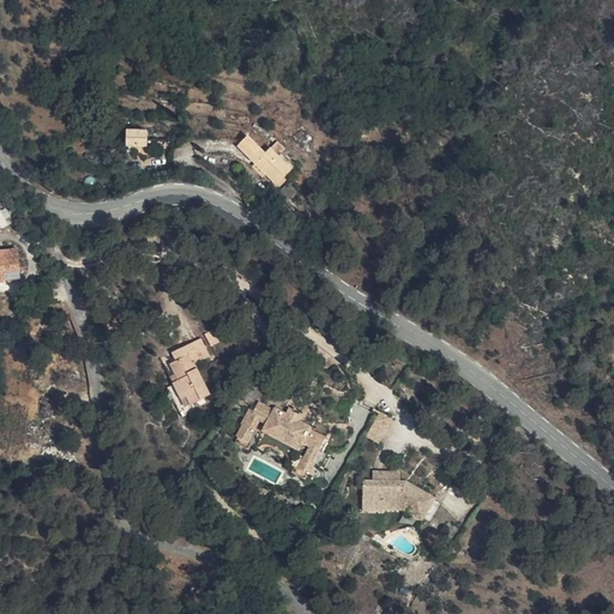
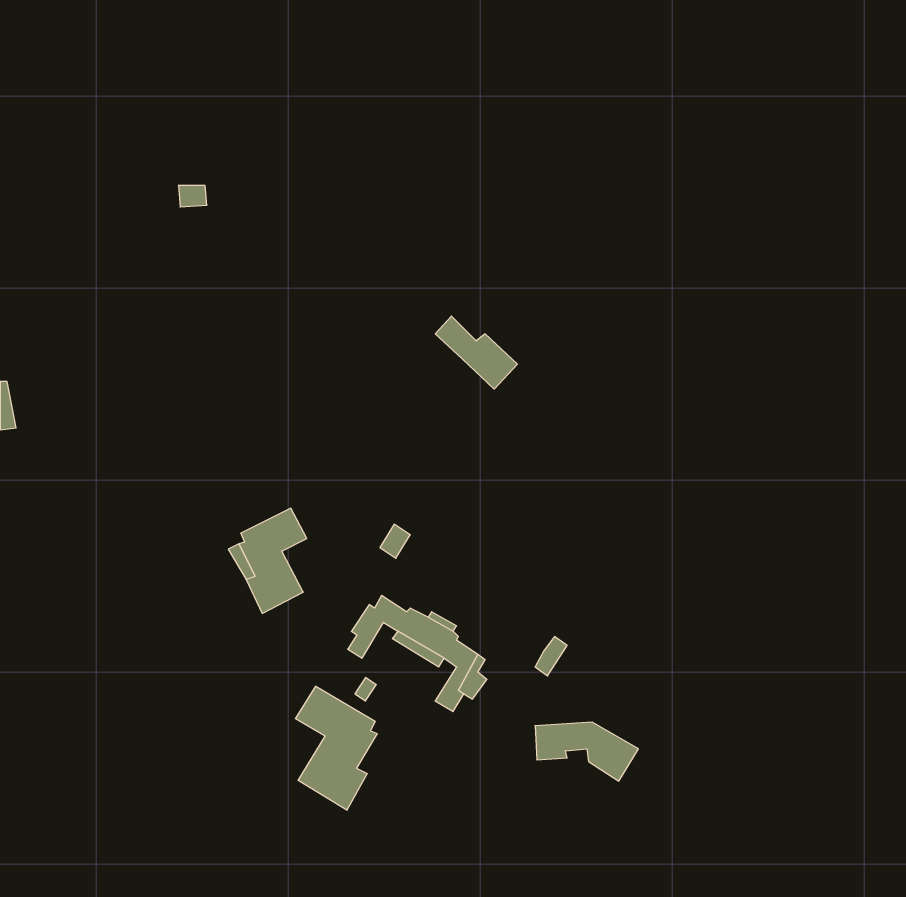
building: [235,130,290,179] -> [435,316,517,389]
building: none -> [295,686,377,810]

